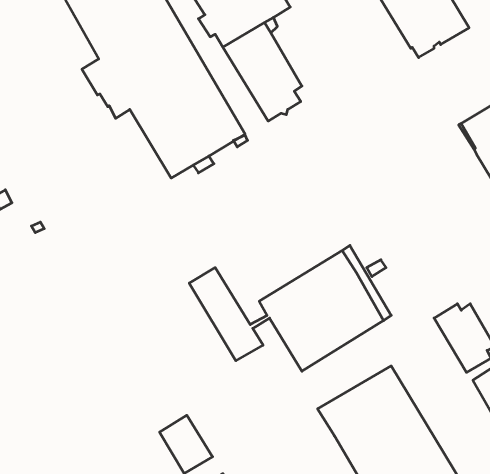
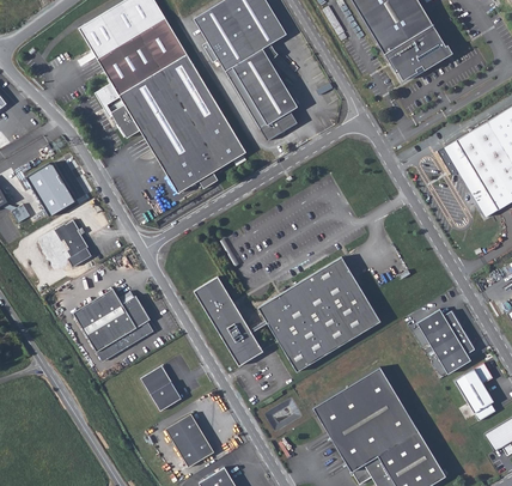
building: none -> [29,164,75,214]
building: none -> [55,219,92,266]
building: none -> [73,287,154,360]
building: none -> [141,366,182,411]

